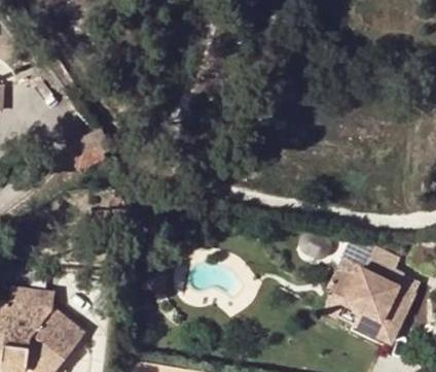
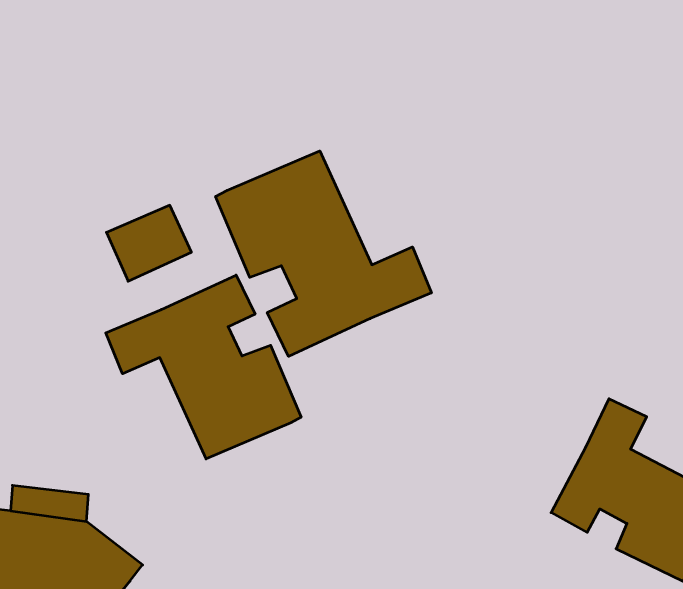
building: none -> [216,151,431,356]
building: none -> [106,275,301,459]

